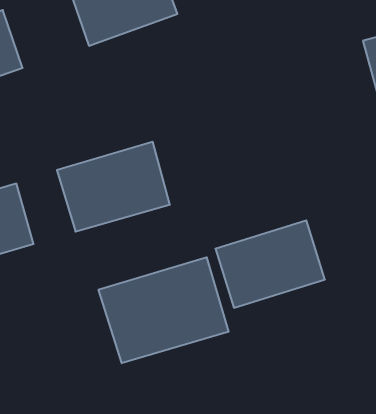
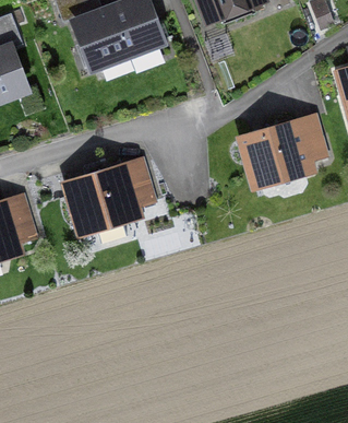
building: [215,220,325,308] -> [236,110,333,188]
building: [99,257,229,363] -> none

